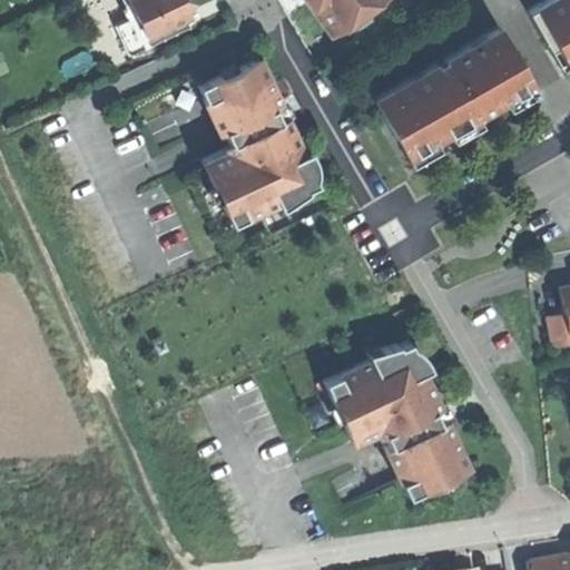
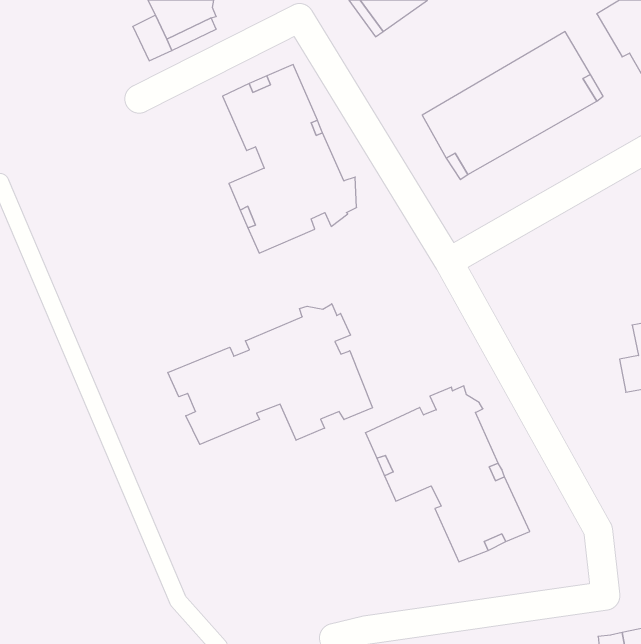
building: none -> [168,304,373,444]

